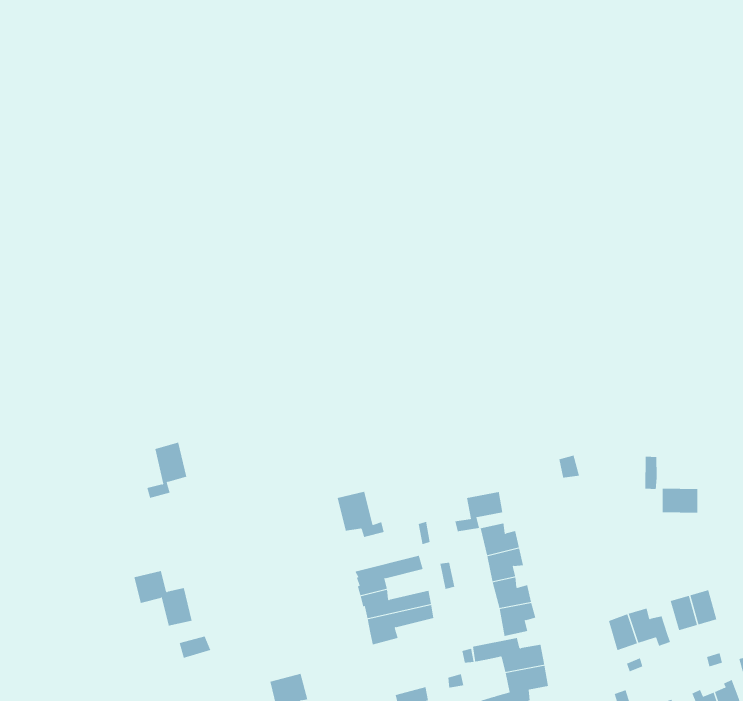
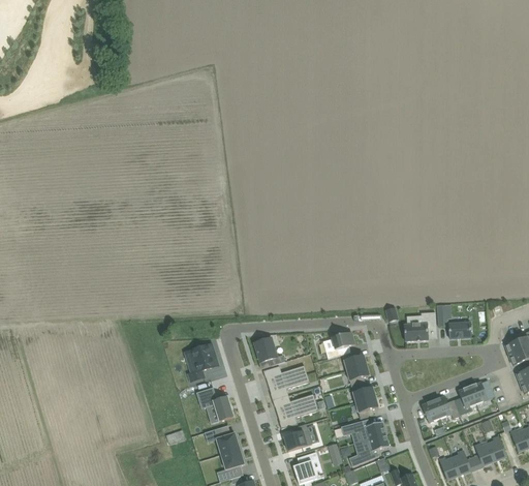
building: [147,442,187,499] -> [189,345,213,381]
building: none -> [404,312,436,341]
building: none -> [262,365,306,386]
building: [133,571,193,626] -> [196,388,234,421]
building: none -> [213,425,240,455]
building: none -> [284,424,310,451]

